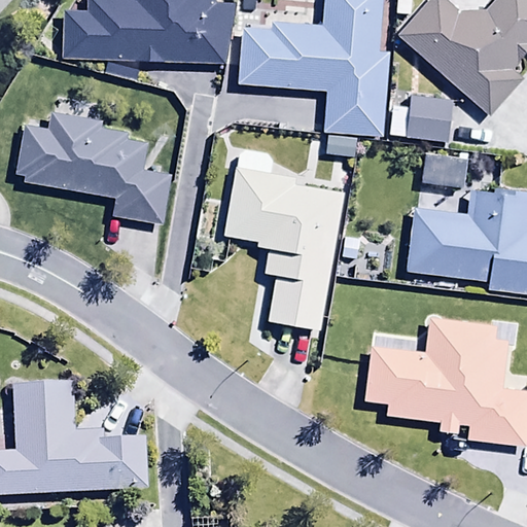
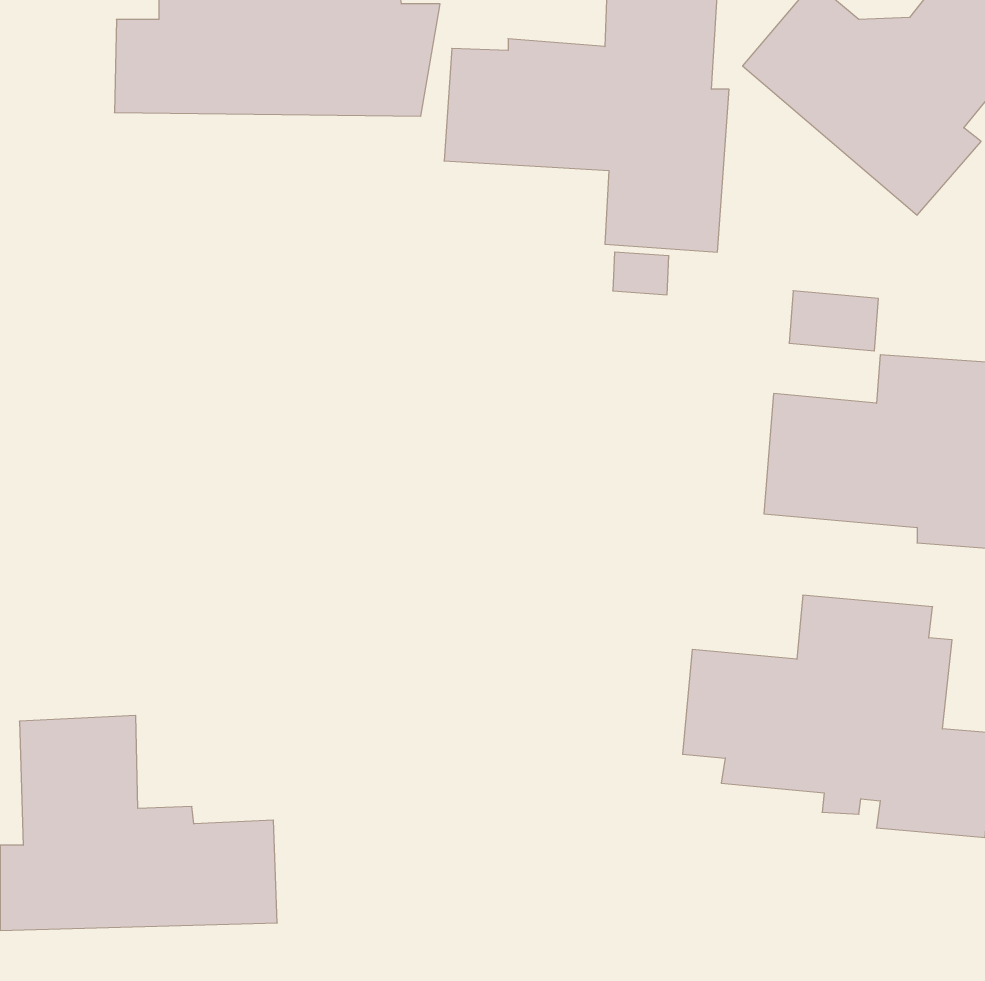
building: [390,95,453,141] -> none
building: [15,110,171,224] -> none
building: [225,149,336,328] -> none

